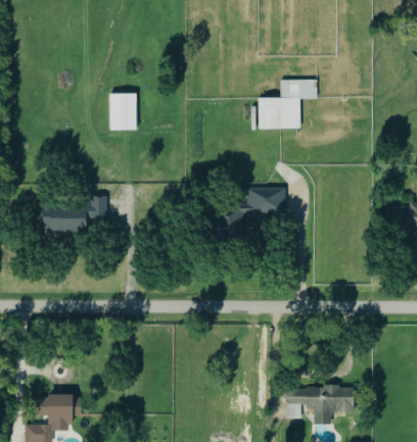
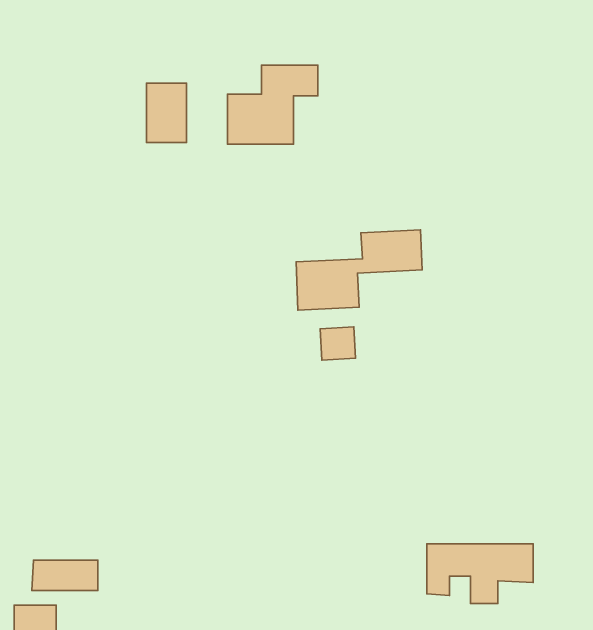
building: [259,80,316,130] -> [227,65,318,144]
building: [41,197,107,232] -> none
building: none -> [320,327,356,360]

